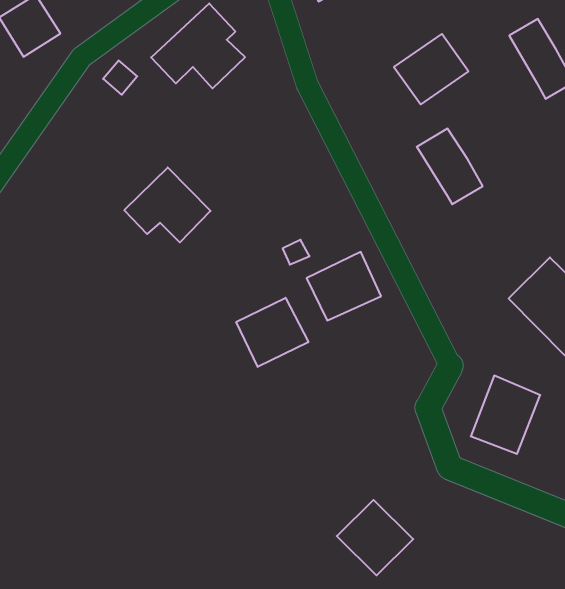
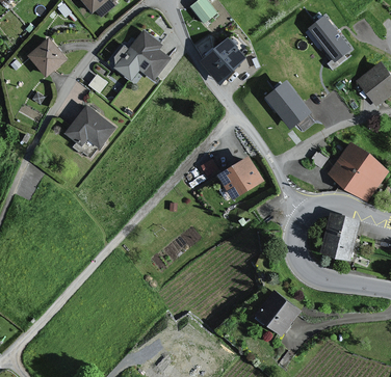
building: [394,34,468,104] -> [202,39,243,80]
building: [124,167,211,242] -> [66,107,113,147]
building: [236,298,308,367] -> none

